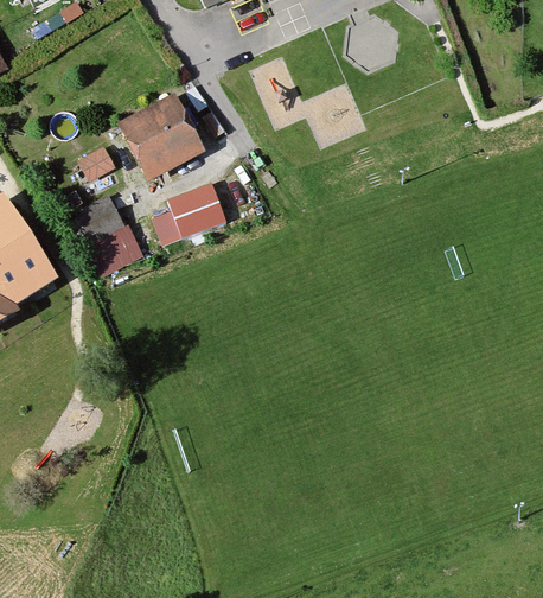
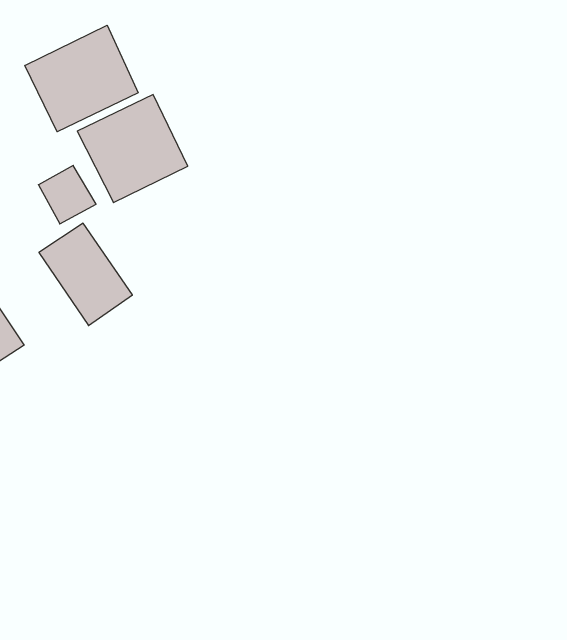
building: none -> [25,25,138,132]
building: [147,182,225,242] -> none

